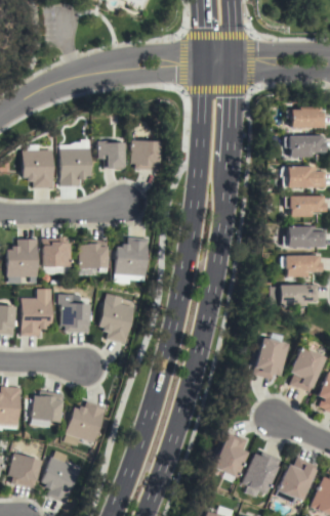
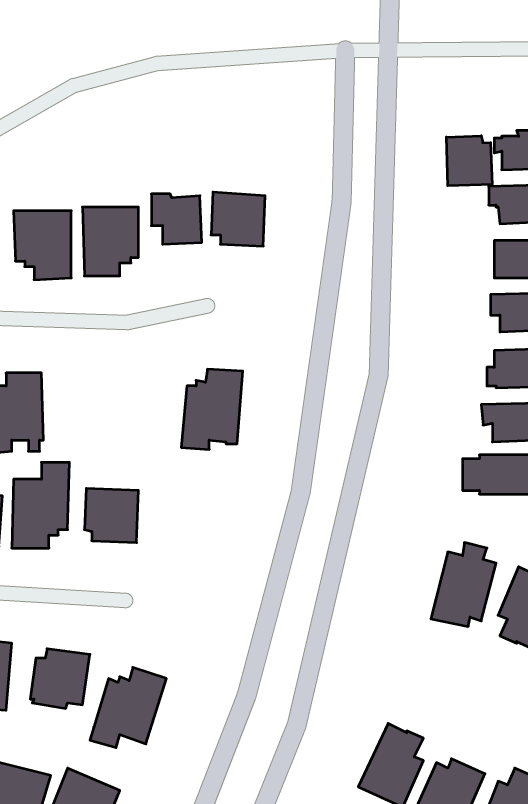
building: none -> [446,136,492,186]
building: [41,236,72,274] -> none
building: [78,240,108,268] -> none
building: [98,294,135,344] -> none

